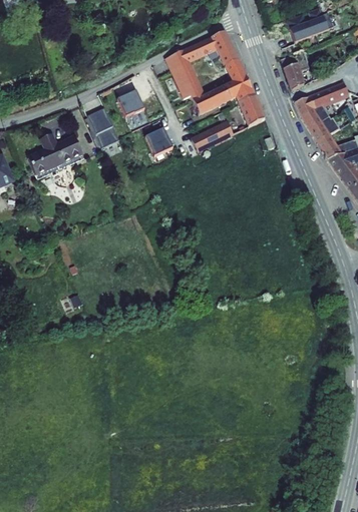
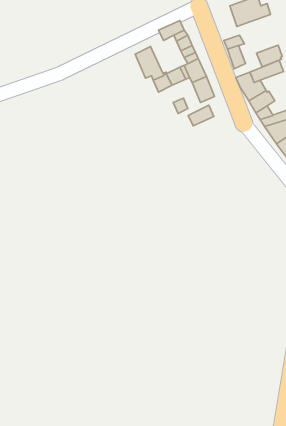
building: [165,43,205,71] -> none
building: none -> [256,45,282,67]
building: [117,91,144,117] -> none
building: [87,108,119,148] -> none
building: [192,127,222,151] -> [188,105,214,126]
building: [145,129,172,157] -> none
building: [27,137,81,174] -> none

